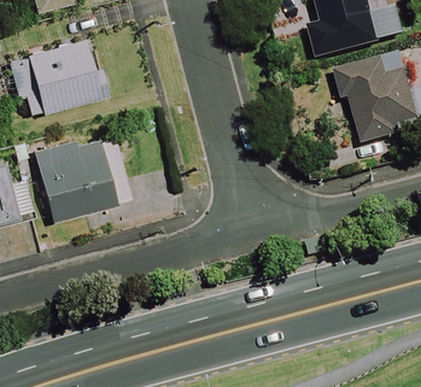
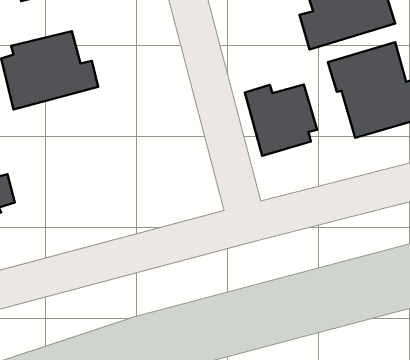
building: none -> [245,84,317,156]
building: [34,134,129,222] -> none

